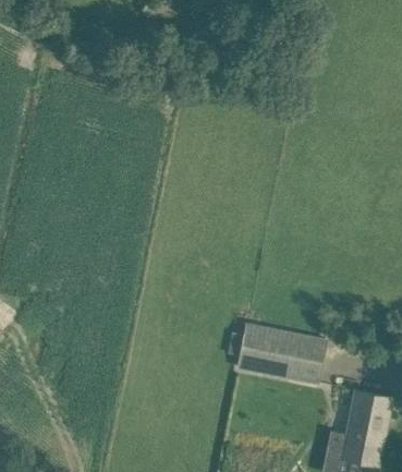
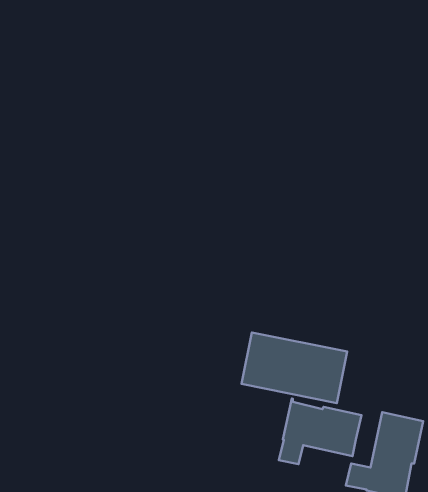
building: none -> [279,398,361,464]

